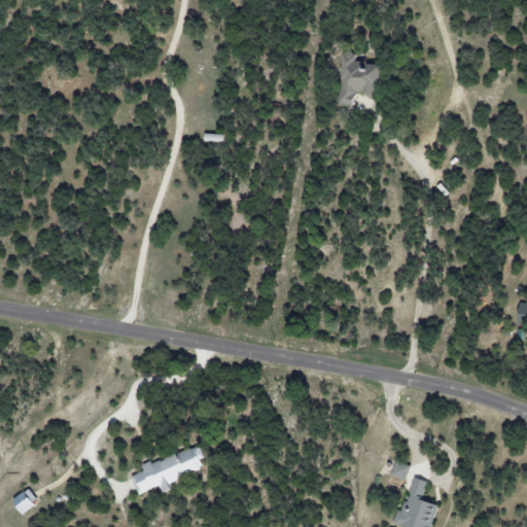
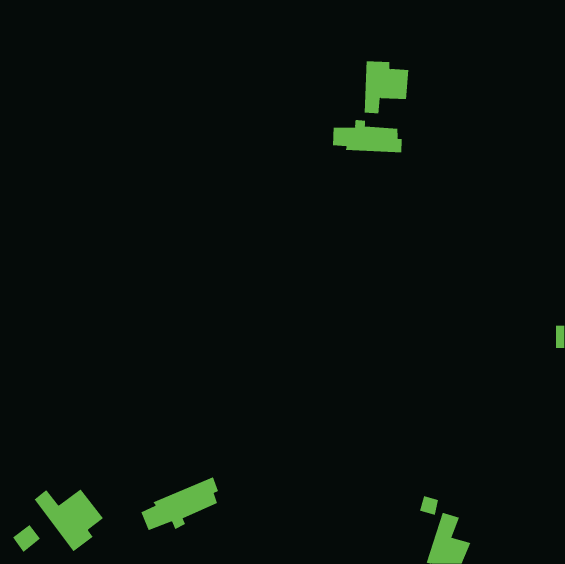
building: none -> [332,119,402,153]
building: none -> [34,488,104,552]

